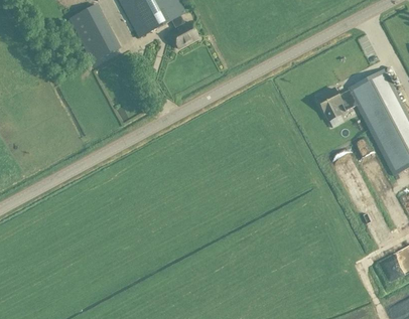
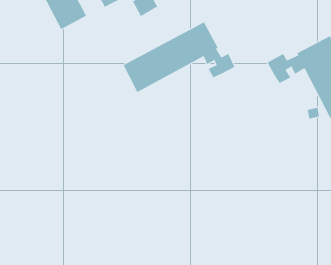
building: none -> [123,21,235,93]

